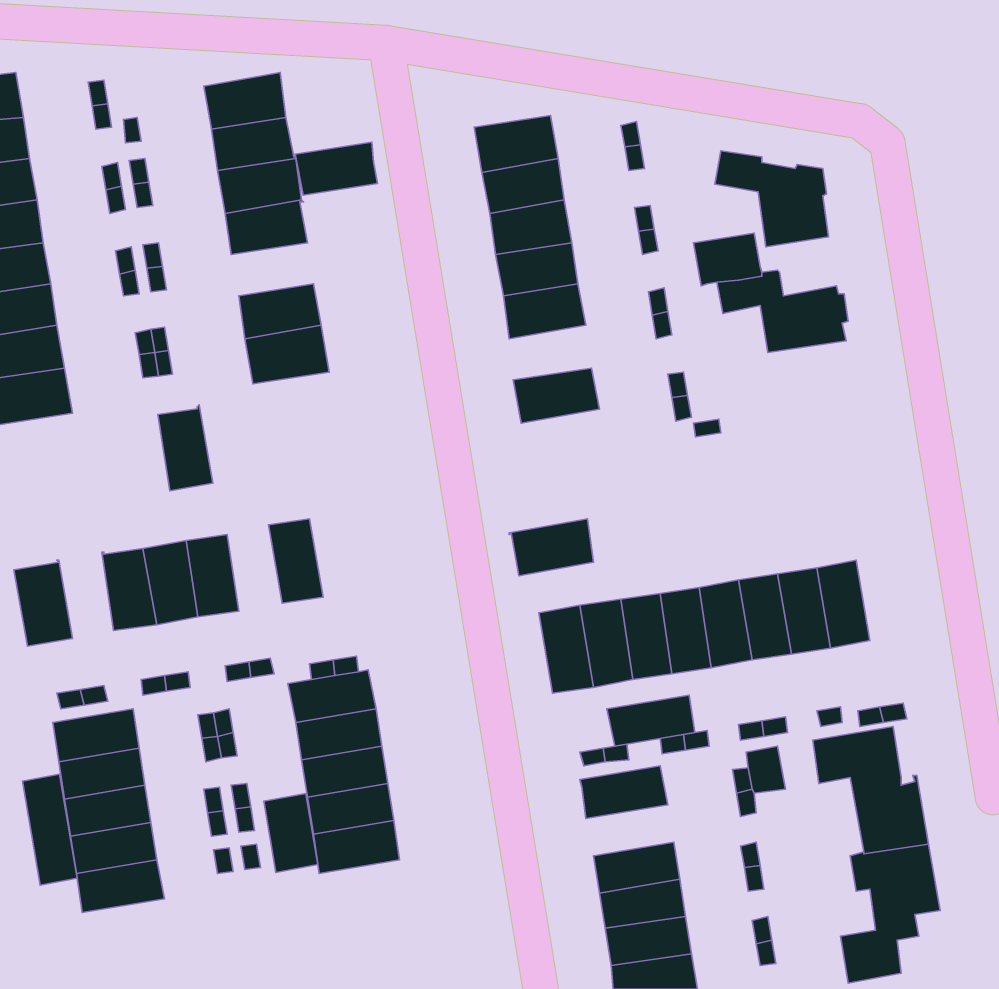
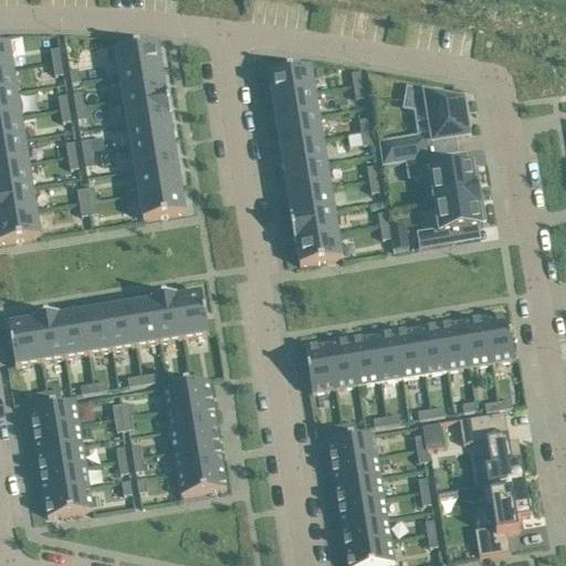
building: [295,142,378,195] -> [130,137,177,167]
building: none -> [287,184,334,214]
building: none -> [416,192,485,247]
building: [158,405,213,491] -> [128,296,159,345]
building: none -> [175,290,208,337]
building: [509,519,593,576] -> [294,231,342,263]
building: none -> [33,312,64,360]
building: none -> [483,313,514,361]
building: [607,695,695,746] -> [331,454,380,483]
building: [22,774,77,885] -> none
building: [264,793,318,872] -> none

